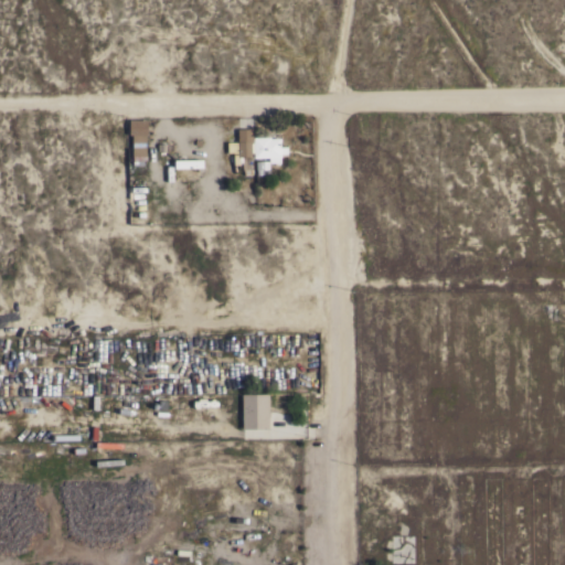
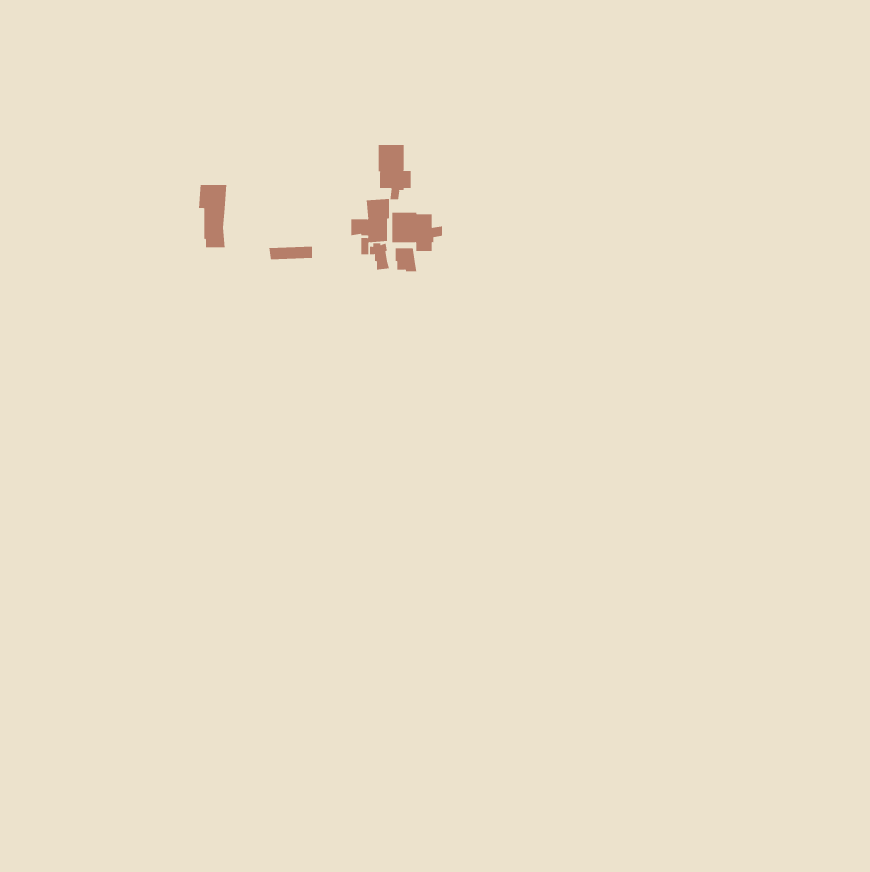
building: none -> [378,144,411,200]
building: [243,394,270,429] -> none

